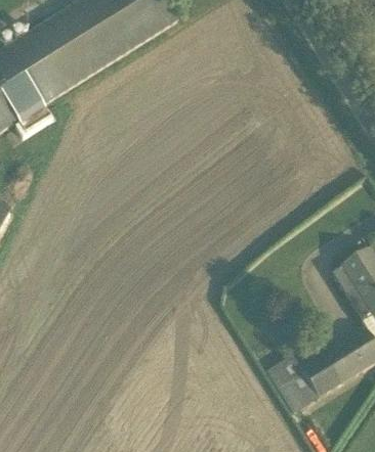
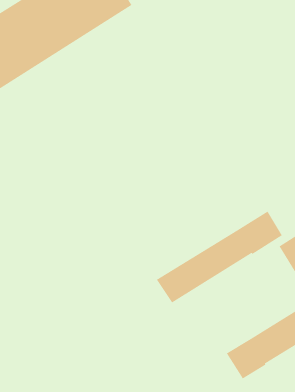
building: none -> [156,210,283,304]

